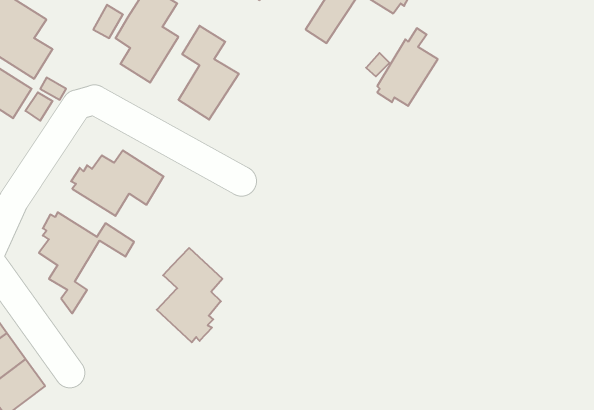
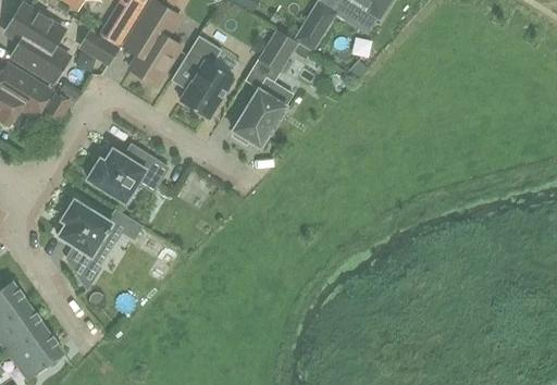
building: none -> [77,30,120,67]
building: none -> [258,30,311,73]
building: [377,28,438,106] -> [233,79,286,148]
building: [157,248,222,342] -> none

